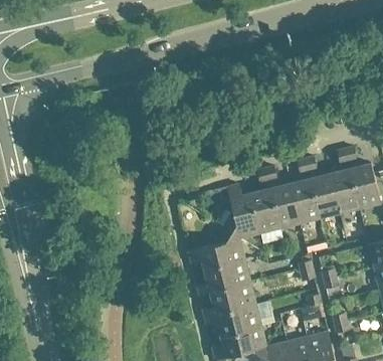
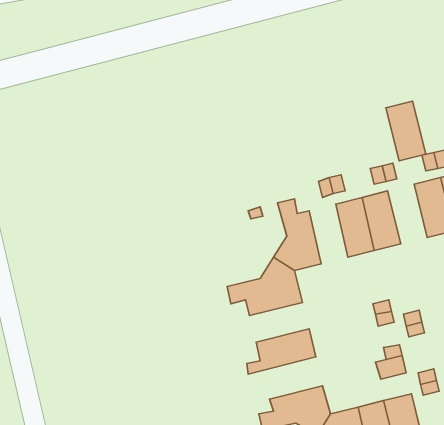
building: [310,173,340,218] -> [386,101,426,161]
building: [250,188,279,233] -> none
building: [197,262,250,296] -> none
building: [204,304,260,336] -> none

